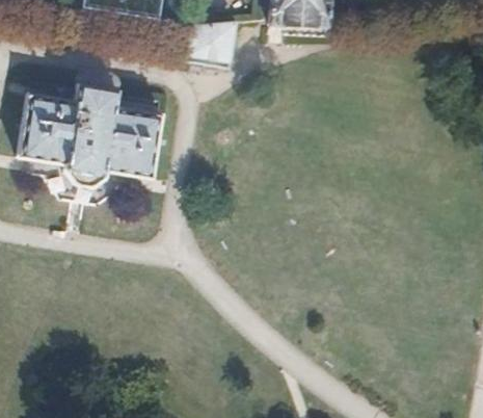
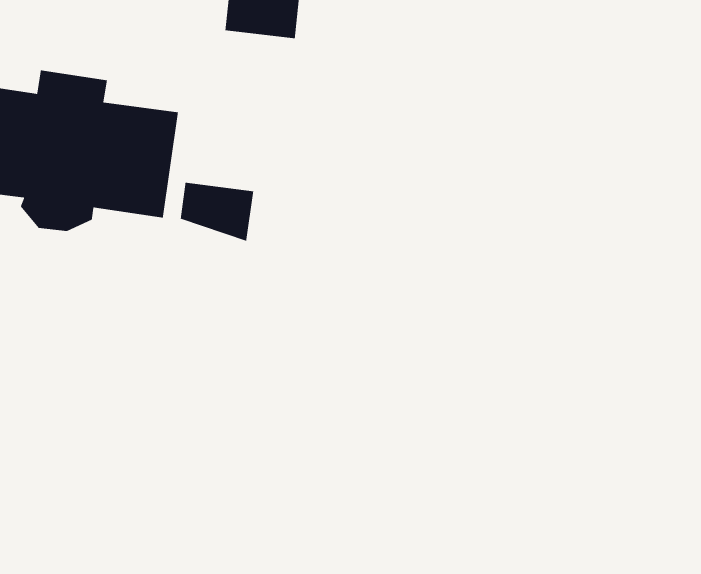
building: none -> [180,182,254,242]

